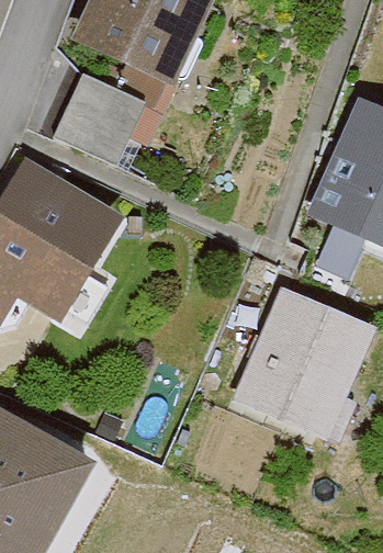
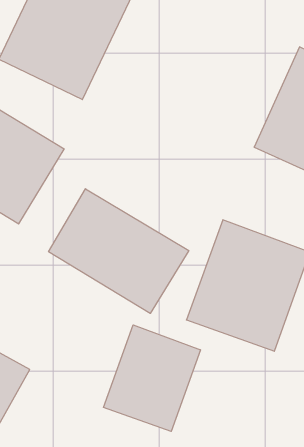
building: none -> [49,189,189,313]
building: none -> [103,325,200,431]

